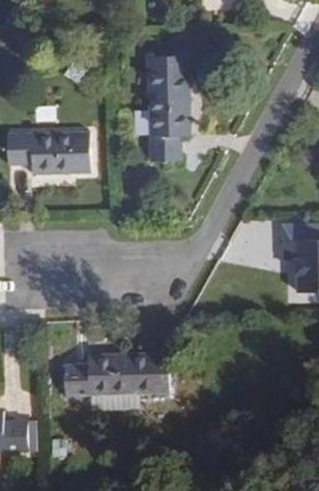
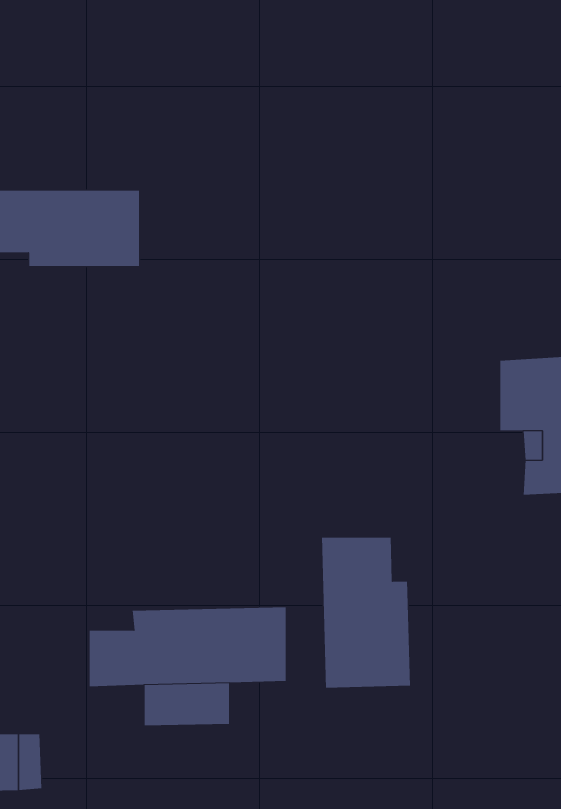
building: [148,56,191,162] -> none
building: none -> [321,537,410,689]

